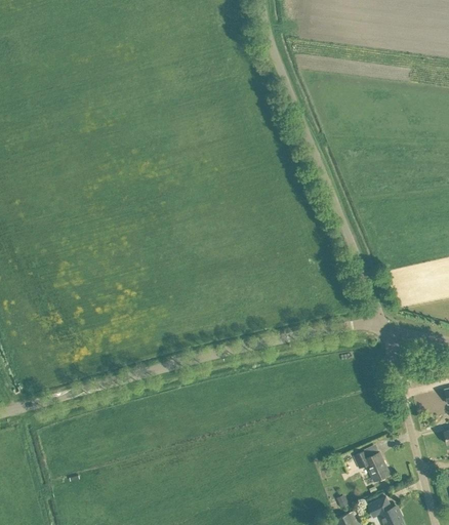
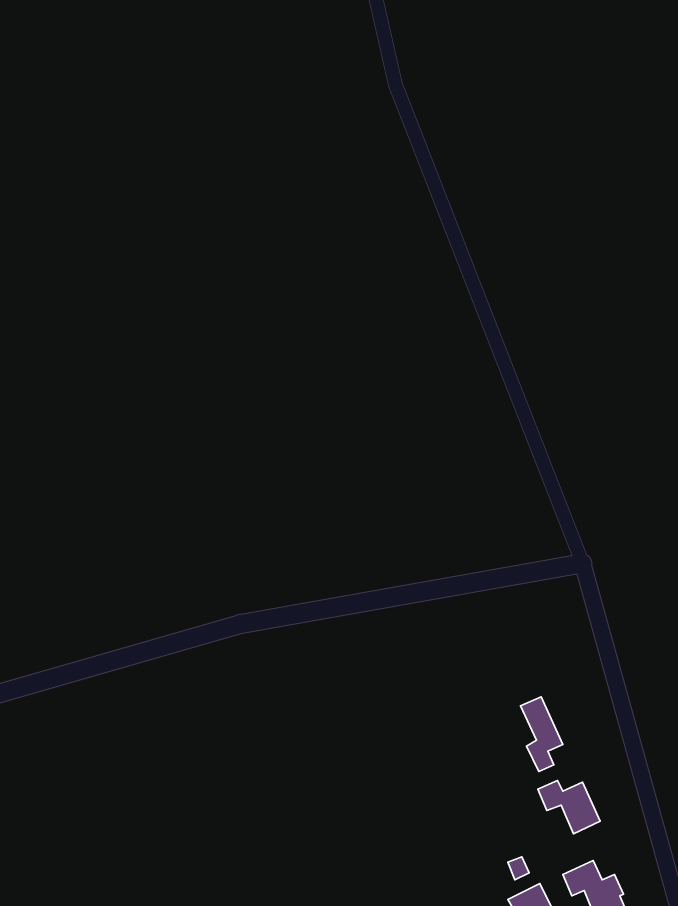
building: none -> [521,697,563,771]

